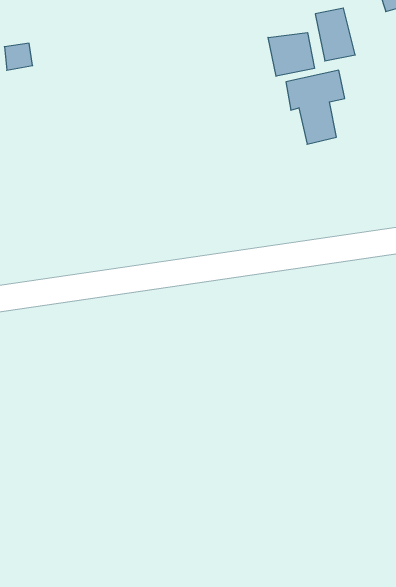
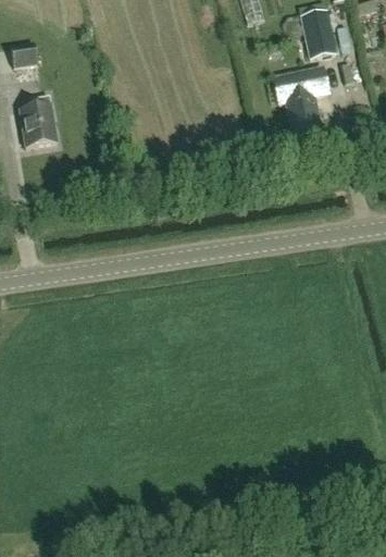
building: [268,33,314,76] -> none
building: none -> [20,94,57,145]

